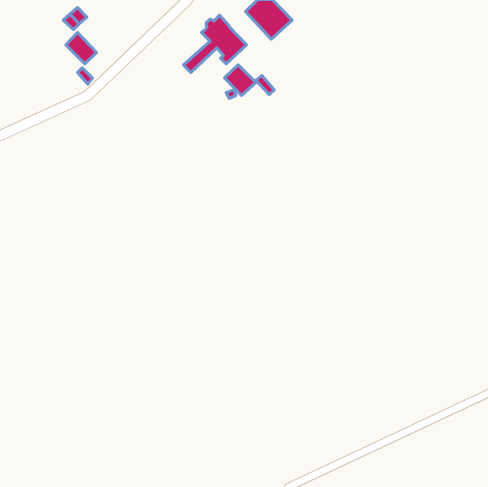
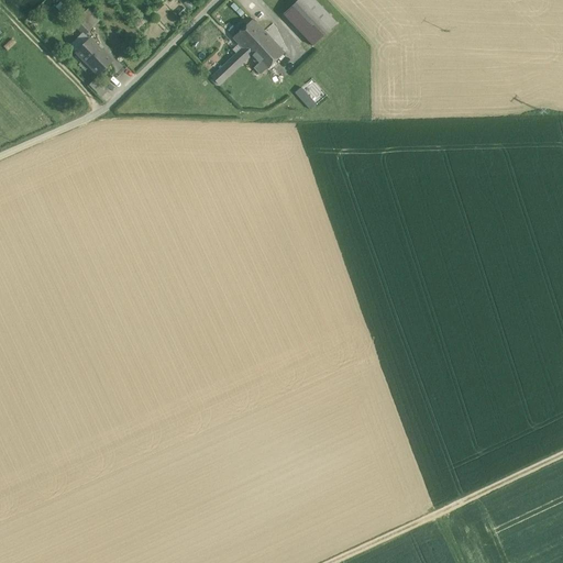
building: [225,65,256,95] -> none

